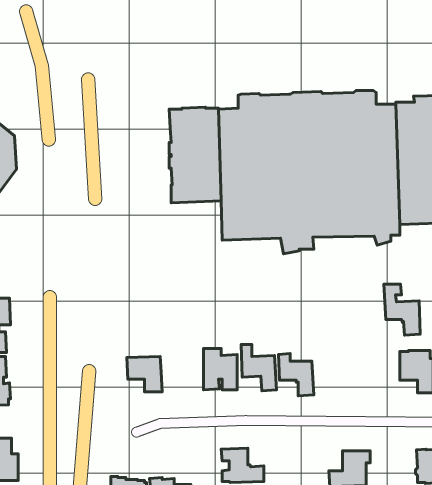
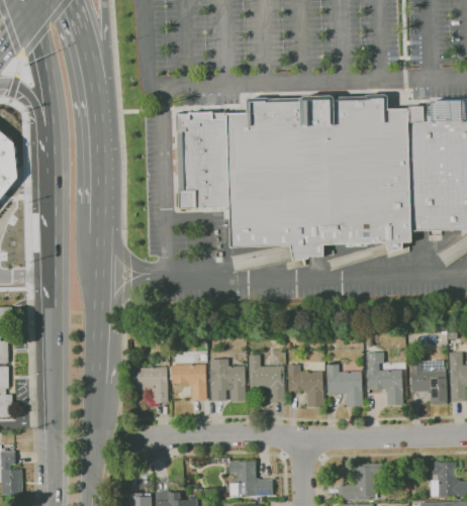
building: [384,284,420,335] -> [366,352,403,405]
building: none -> [168,364,207,400]
building: none -> [326,364,363,406]

